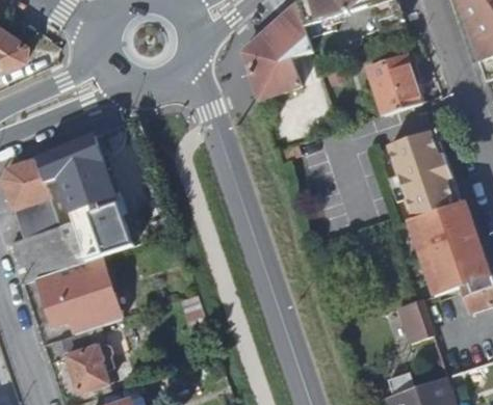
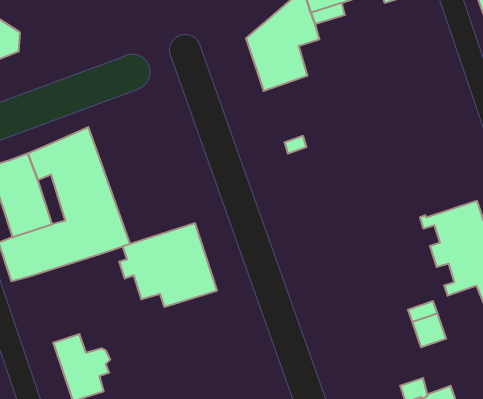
building: [367,55,420,113] -> none
building: [386,130,460,219] -> none
building: [32,253,125,332] -> [119,223,217,307]

